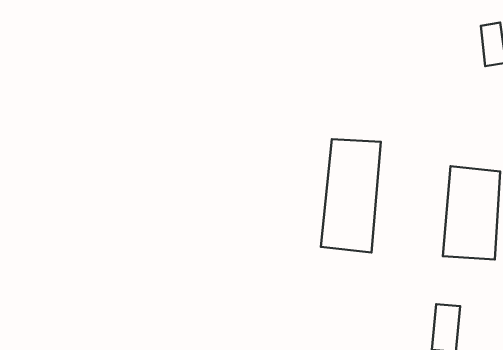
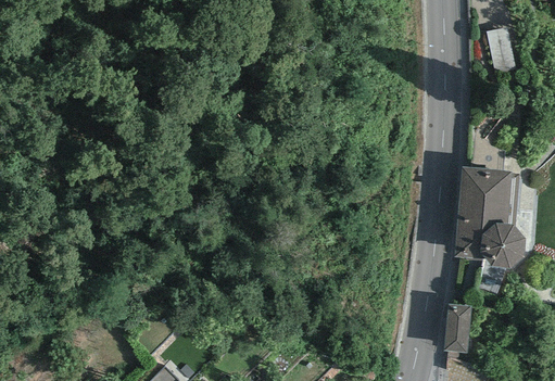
building: [321,139,381,253] -> none

